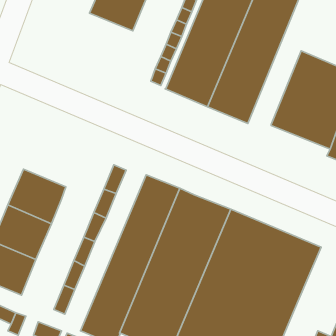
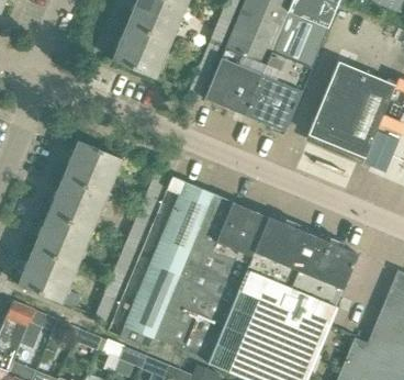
building: none -> [114,23,171,77]
building: none -> [64,142,121,194]

